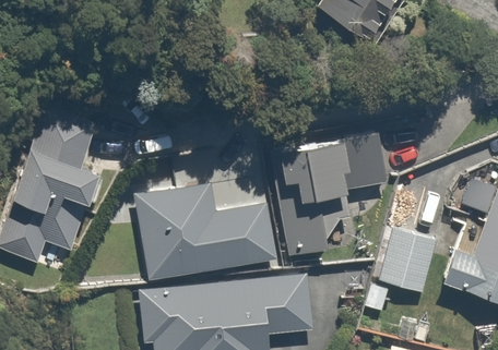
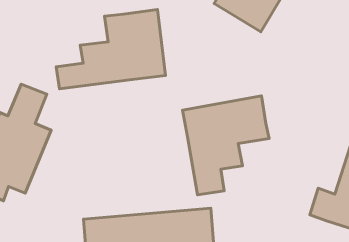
building: none -> [56,9,166,89]
building: [134,184,274,279] -> none
building: [380,225,443,294] -> none

